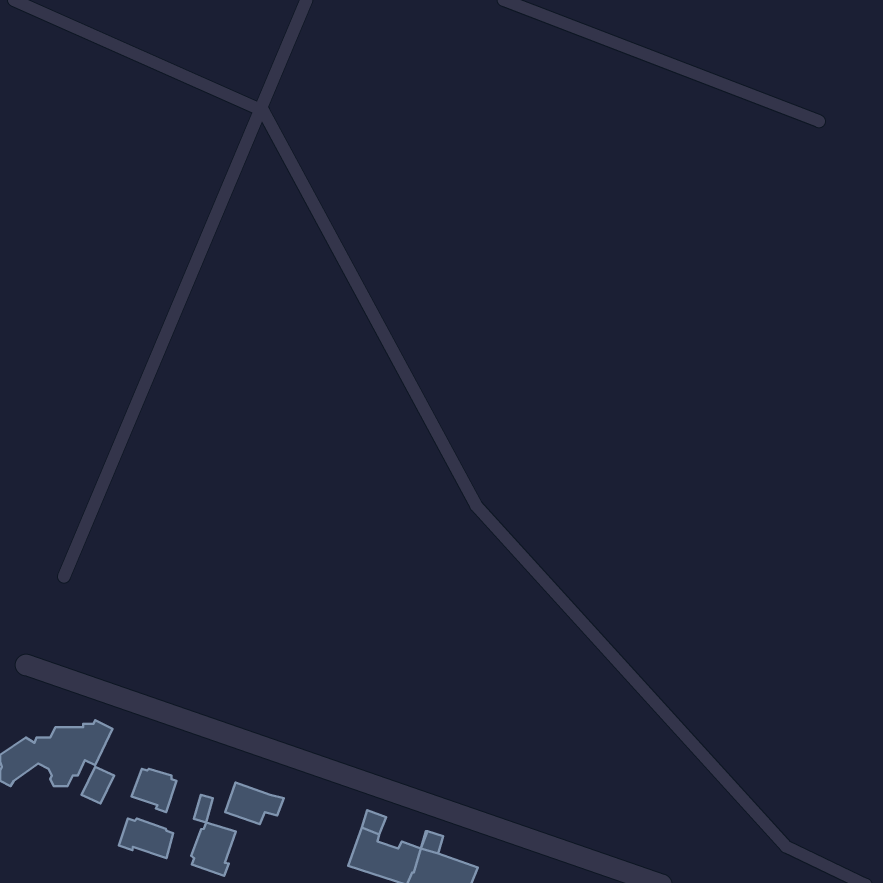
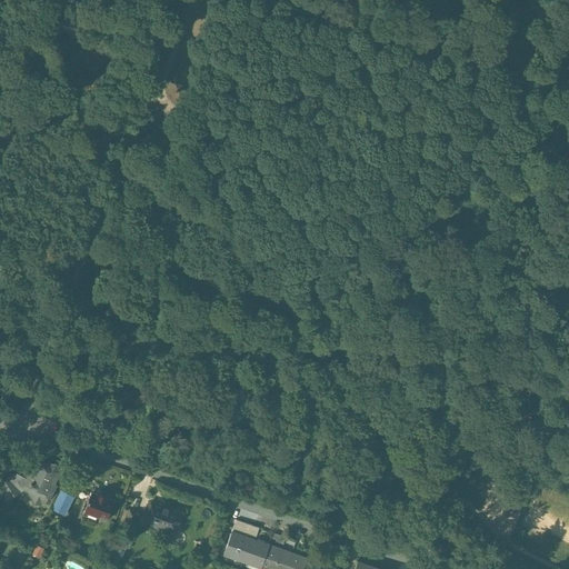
building: [119,819,173,858] -> none
building: [191,822,236,876] -> none

